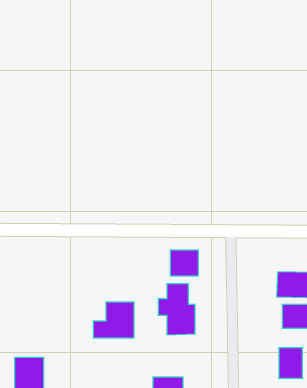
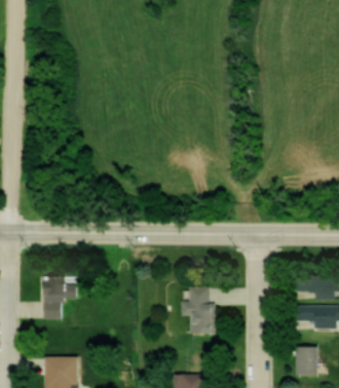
building: [170,250,198,276] -> none
building: none -> [42,276,76,320]
building: [93,302,134,338] -> none

